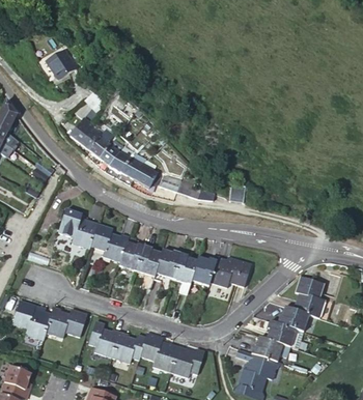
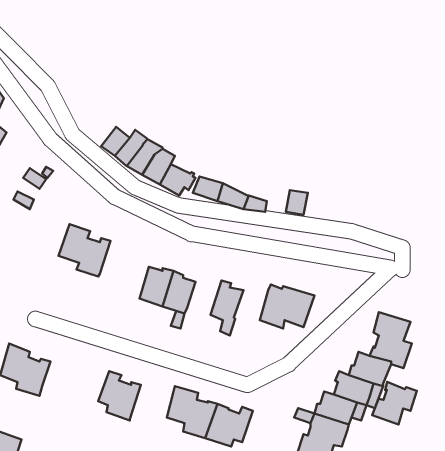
building: [47,49,78,80] -> none
building: [71,117,105,150] -> none
building: [89,222,129,264] -> none
building: [156,249,182,278] -> none
building: [191,256,217,286] -> none
building: [46,306,87,338] -> none
building: none -> [372,382,417,425]
building: [112,331,145,363] -> none

